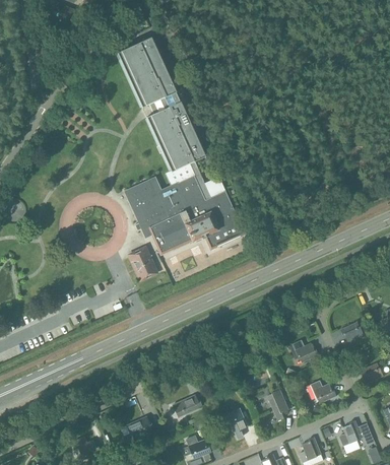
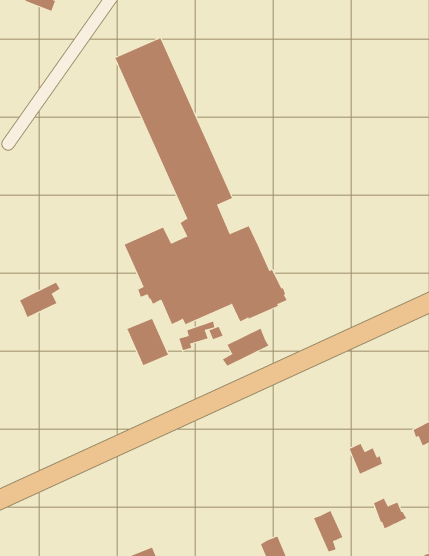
building: none -> [19,282,61,318]
building: none -> [222,328,269,367]
building: [172,394,202,417] -> none

